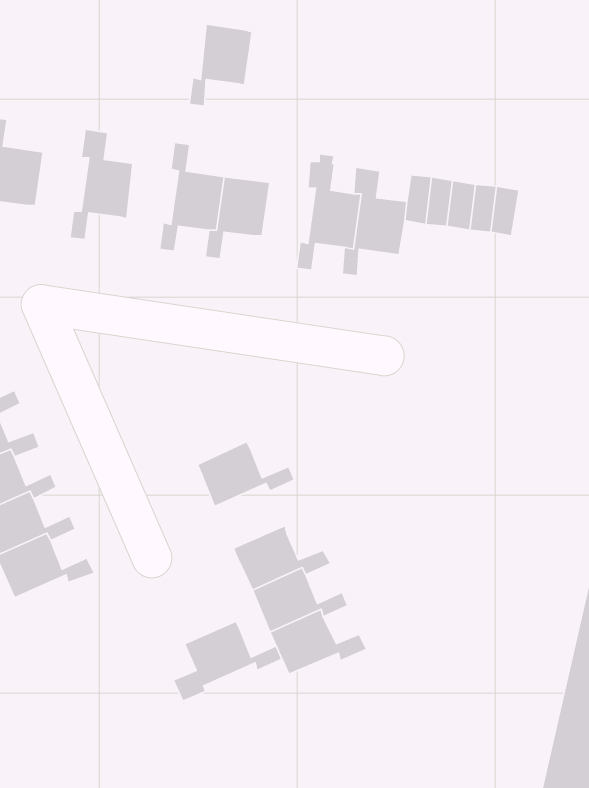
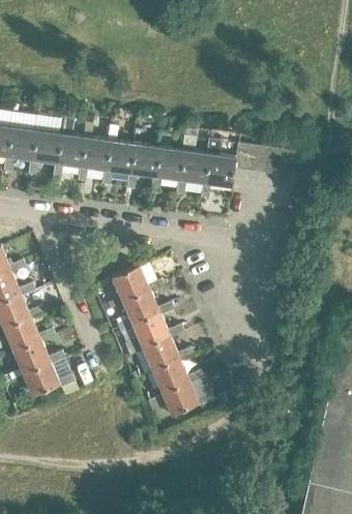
building: [189,24,252,106] -> [78,139,112,183]
building: none -> [28,132,63,177]
building: none -> [151,149,186,193]
building: none -> [112,266,165,302]
building: none -> [23,362,76,398]
building: [173,621,282,701] -> [125,312,184,356]

